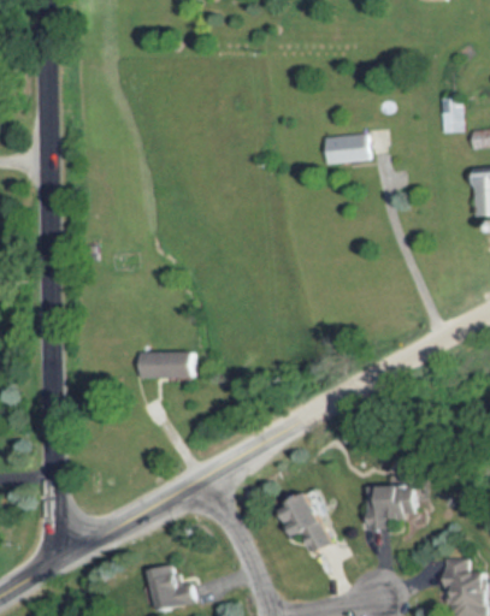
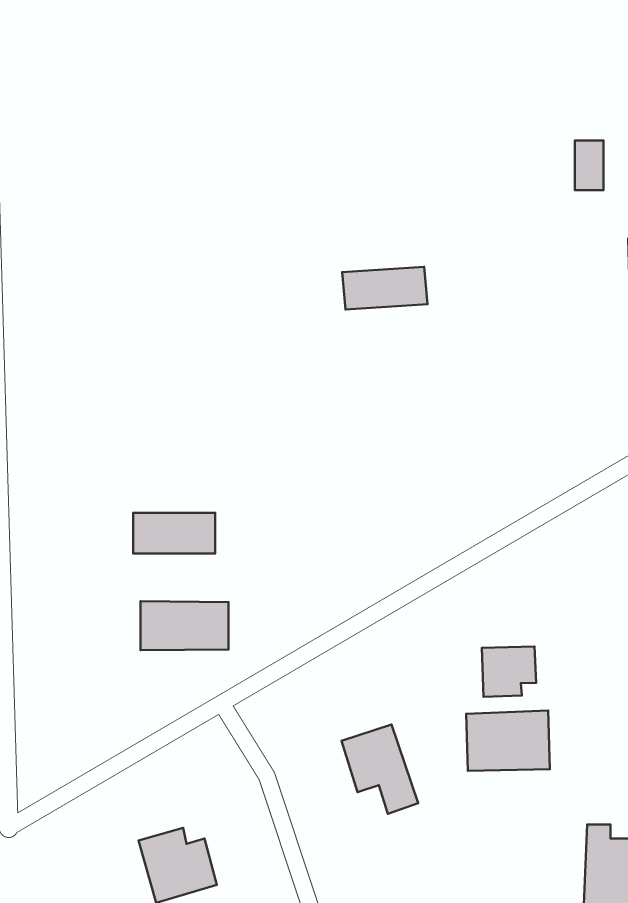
building: [319,132,377,161] -> [342,267,428,309]
building: none -> [140,601,229,650]
building: none -> [482,647,536,697]

